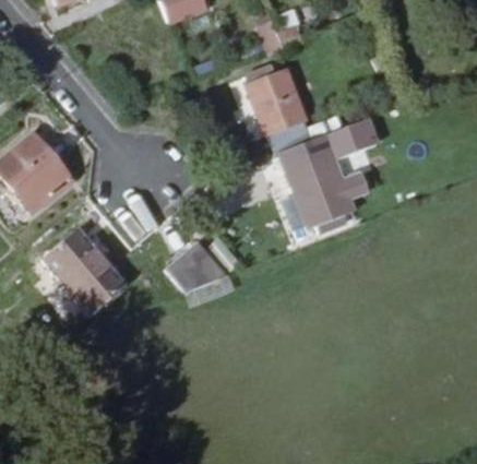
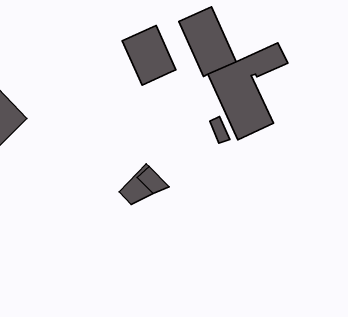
building: none -> [122,26,176,85]
building: [43,230,123,316] -> none

